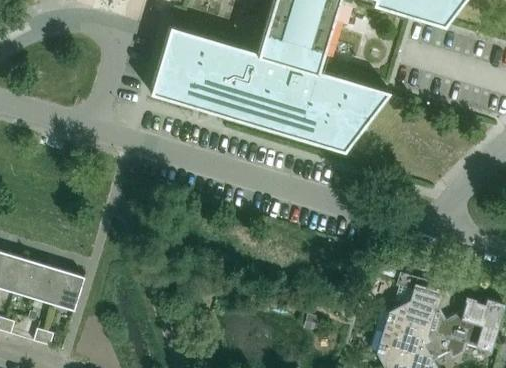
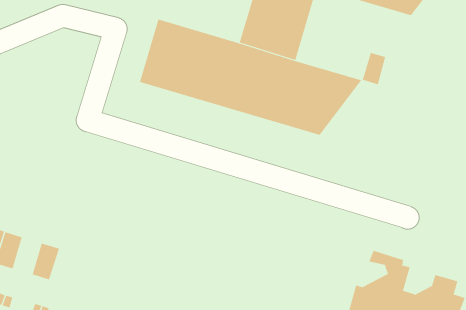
building: none -> [362,52,386,85]
building: [16,261,46,301] -> none
building: [55,273,86,313] -> none

